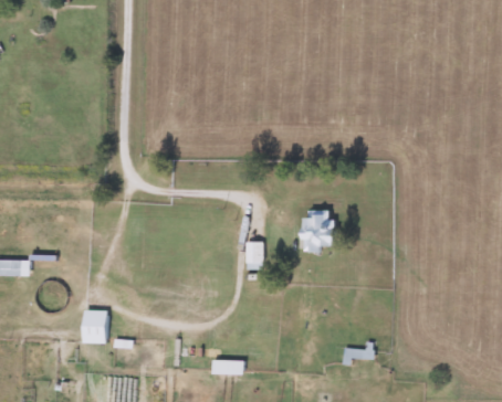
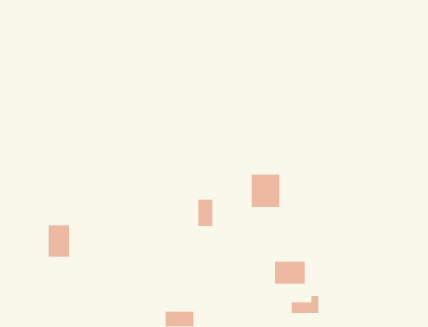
building: none -> [274,261,305,284]
building: [82,309,105,343] -> [48,225,70,257]

